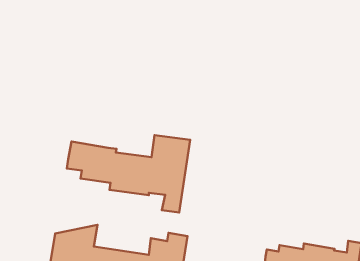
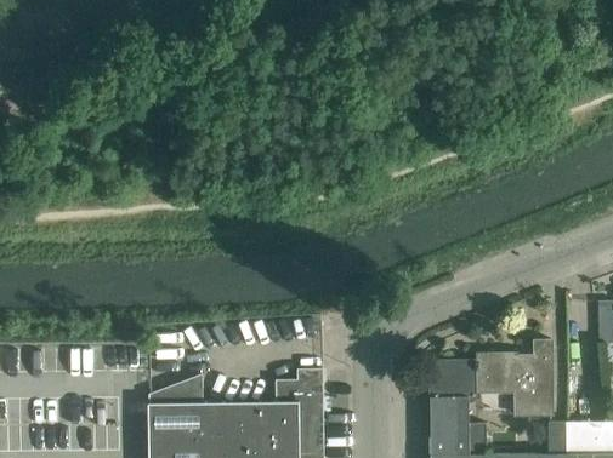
building: [67,135,190,212] -> none

